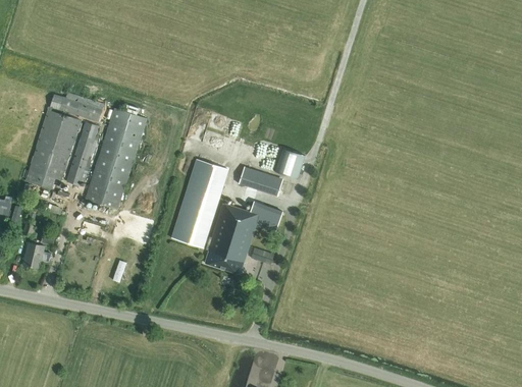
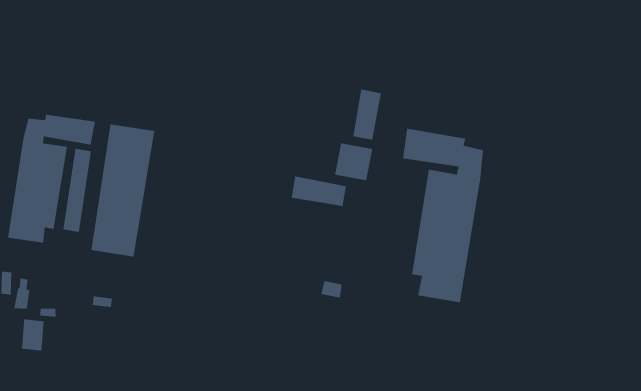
building: none -> [353,88,382,141]
building: none -> [402,128,484,303]
building: [171,159,282,274] -> none

